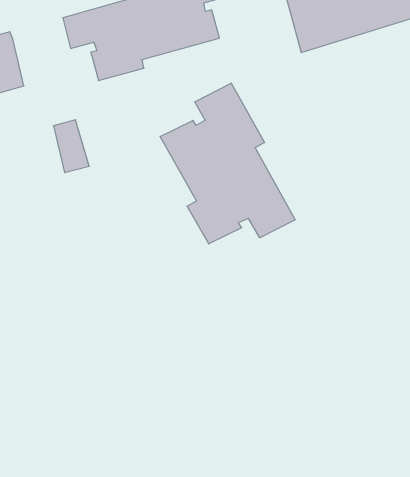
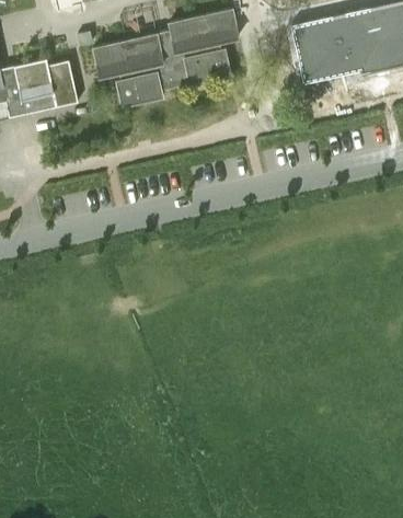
building: [160,83,295,244] -> none
building: [53,120,89,173] -> [49,61,79,107]

